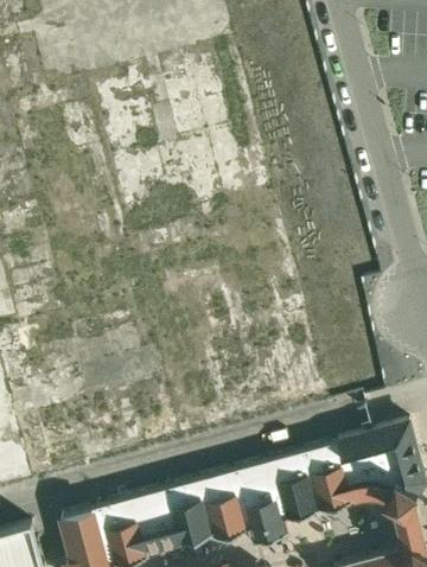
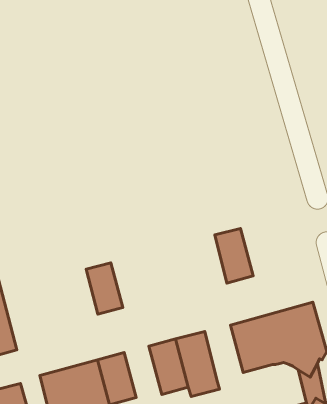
building: [267,452,317,523] -> [215,228,253,283]
building: [162,479,210,546] -> [86,263,123,314]

